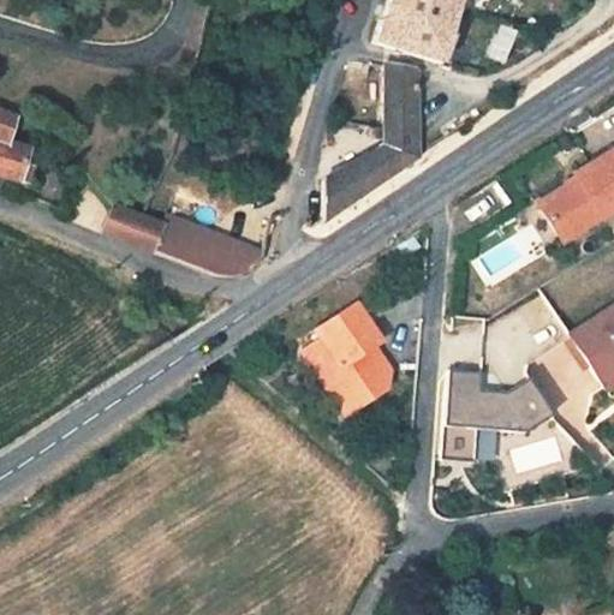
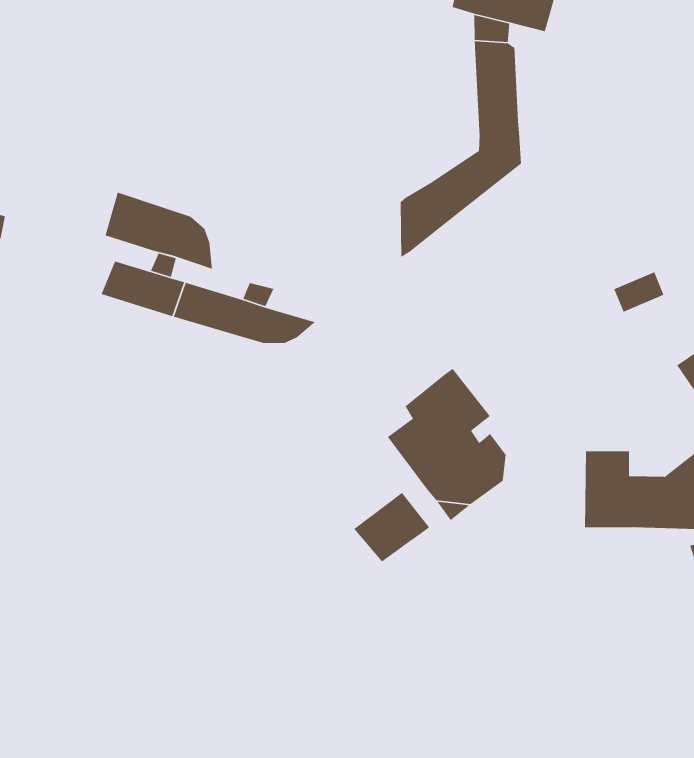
building: none -> [104,192,213,270]
building: none -> [353,492,430,563]
building: [442,425,481,461] -> none

